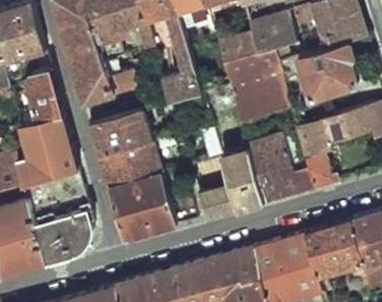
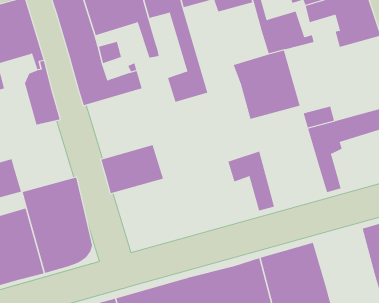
building: [217,35,258,67] -> none
building: [297,46,355,101] -> none
building: [89,111,149,157] -> none
building: [18,119,77,187] -> none
building: [249,135,313,201] -> none
building: [198,173,249,218] -> none
building: [109,175,174,241] -> none
building: [301,222,358,277] -> none

